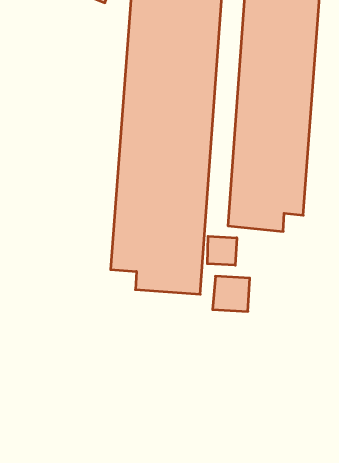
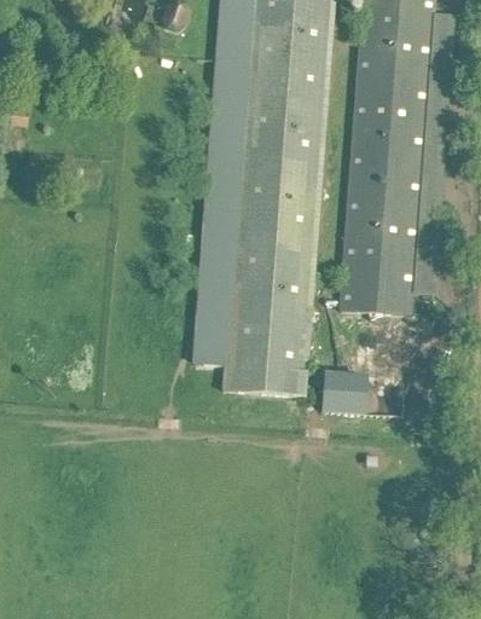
building: [207,236,237,265] -> none

